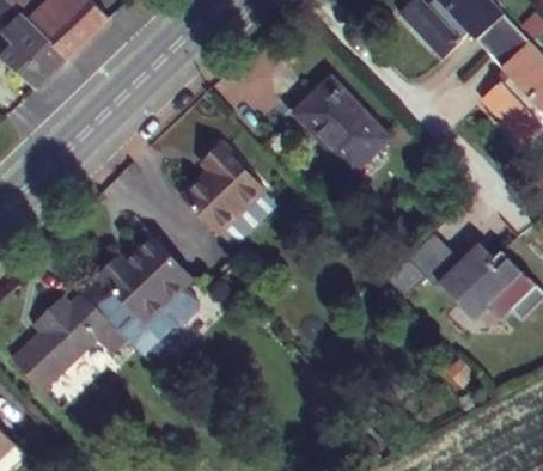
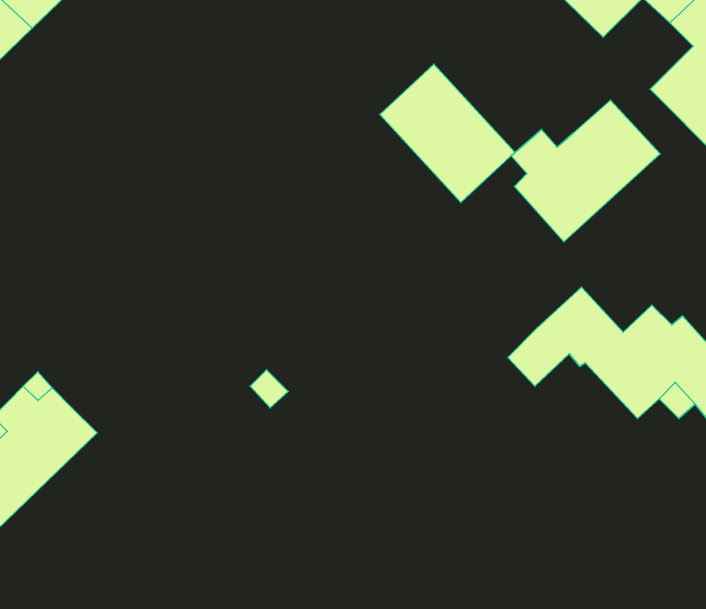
building: none -> [511,100,660,242]
building: [185,145,266,234] -> none
building: [94,238,197,357] -> none

